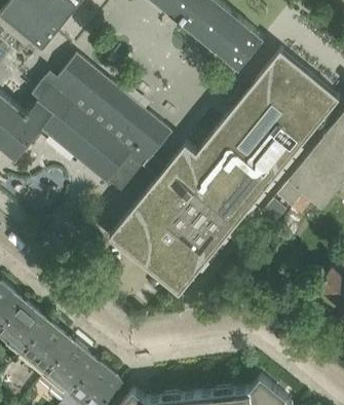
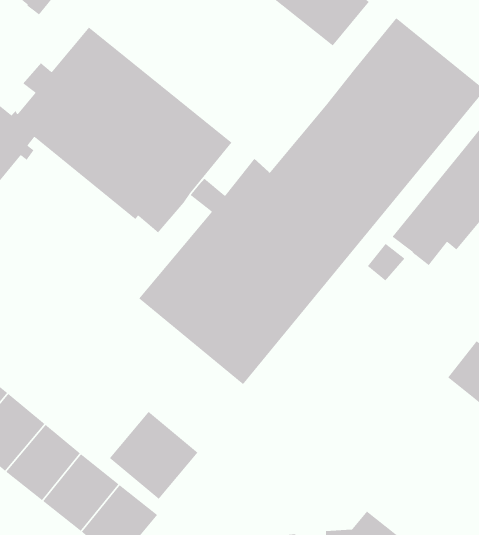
building: none -> [109,411,199,500]

